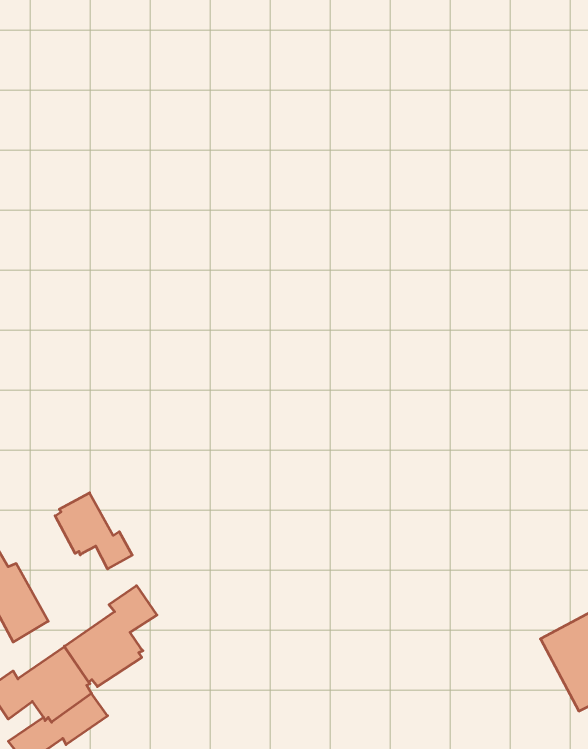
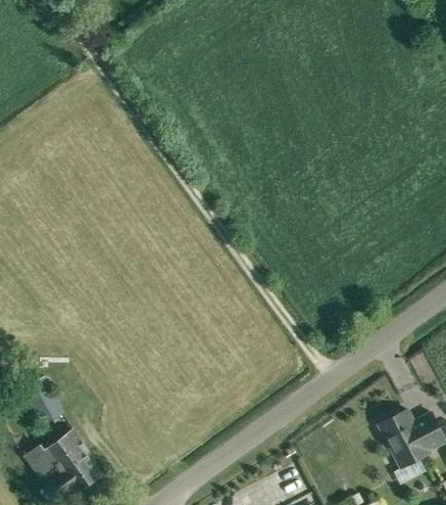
building: [55,493,132,569] -> none
building: [64,586,157,687] -> none

